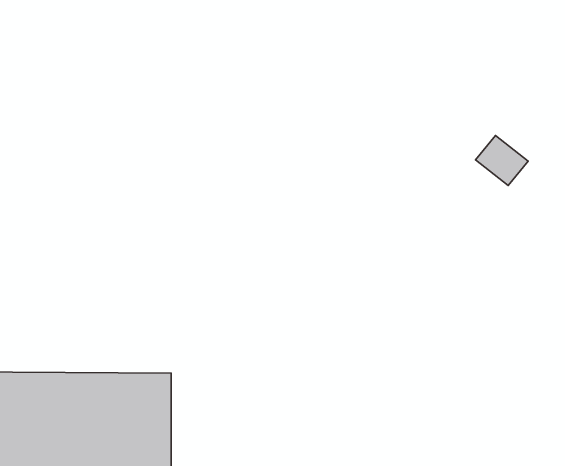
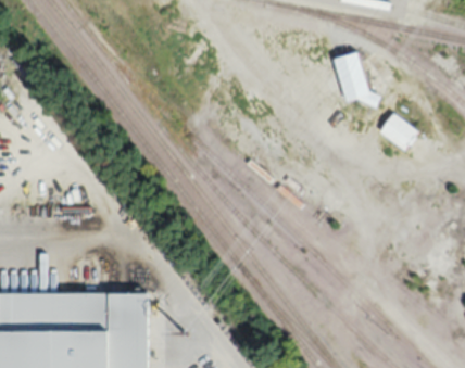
building: none -> [336,53,378,104]

